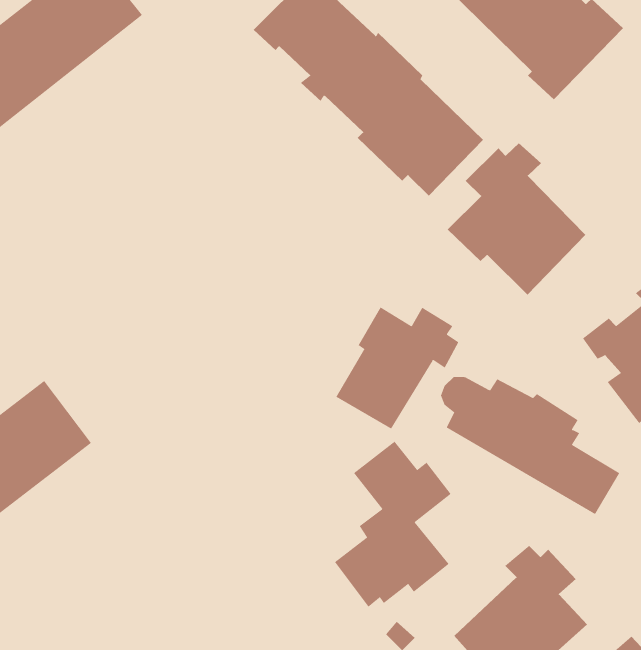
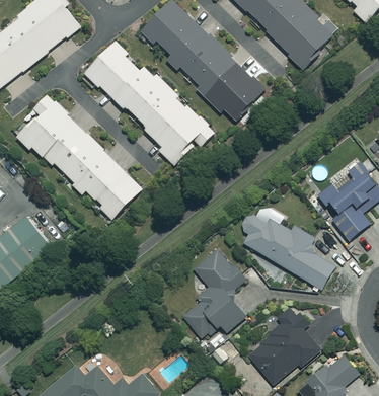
building: none -> [83,39,214,164]
building: [447,142,586,295] -> none
building: none -> [13,93,143,221]
building: [335,306,459,429] -> none

